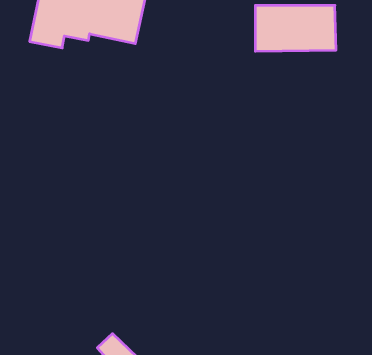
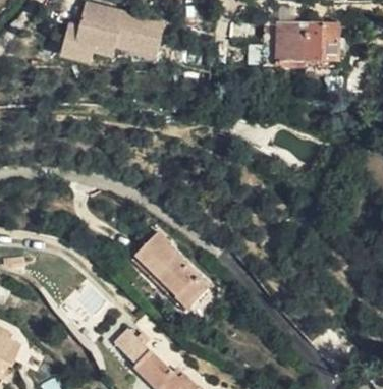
building: none -> [136,229,213,312]

